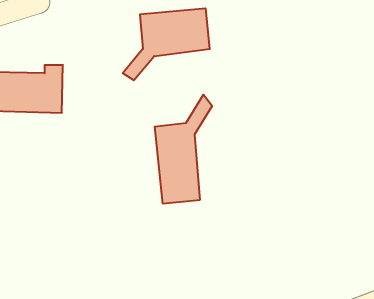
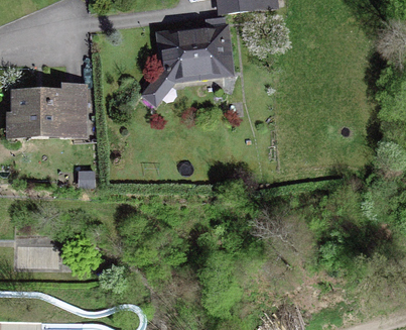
building: [155,95,212,204] -> none

